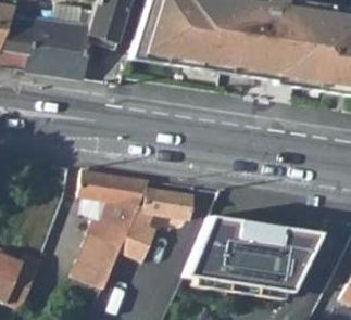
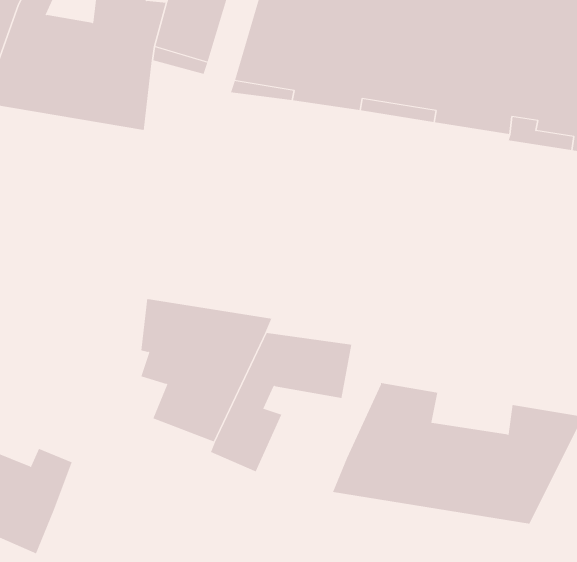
building: [70,235,121,290] -> none

